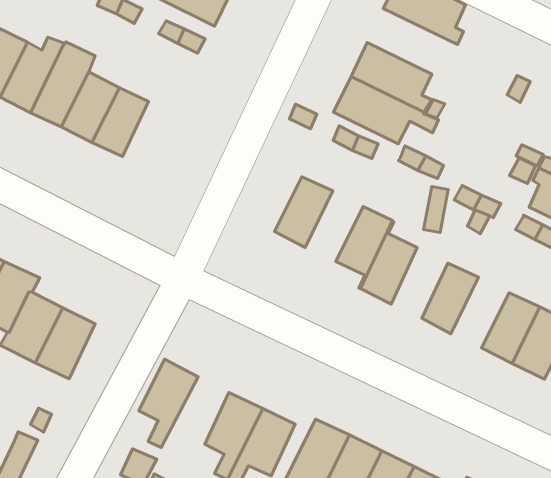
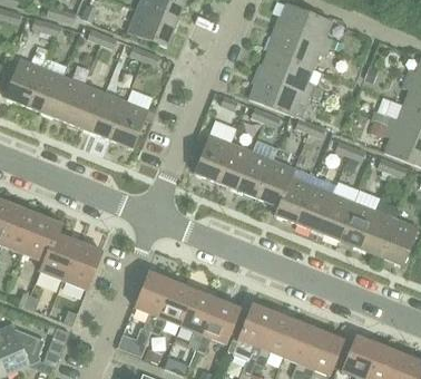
building: none -> [267,27,327,68]
building: none -> [110,90,147,147]
building: none -> [193,127,235,181]
building: none -> [236,150,273,197]
building: none -> [296,175,335,231]
building: none -> [337,201,374,247]
building: none -> [150,281,193,333]

